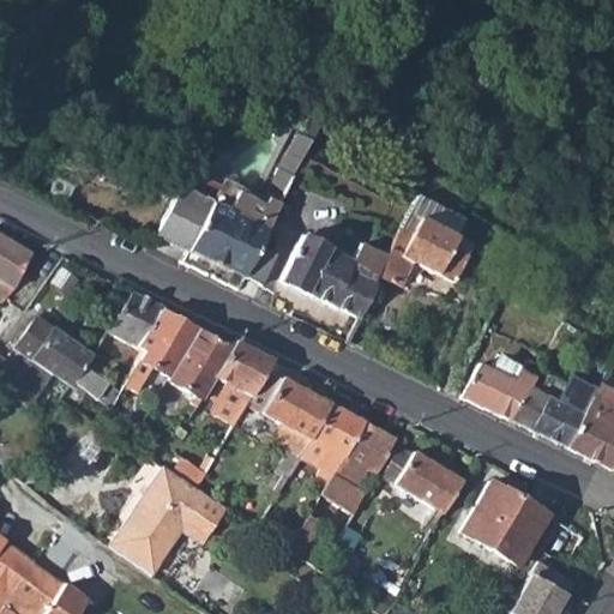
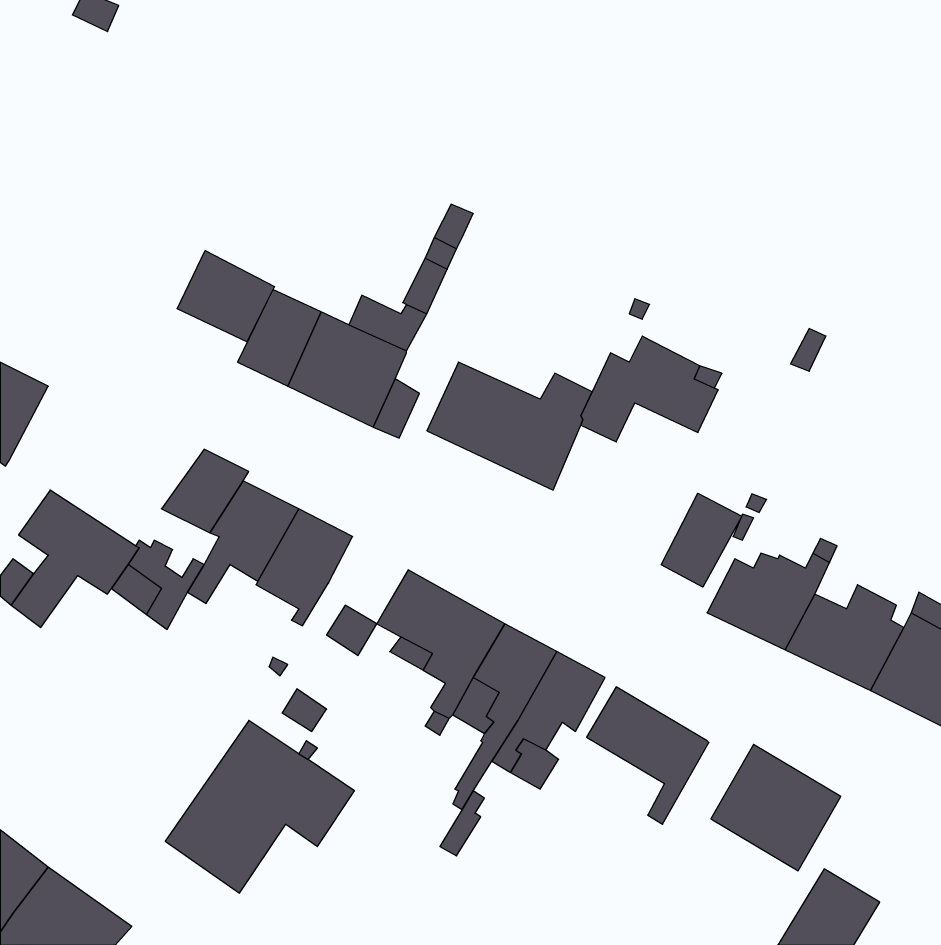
building: none -> [177,251,274,342]
building: none -> [661,493,742,587]
building: [217,339,275,395] -> none

